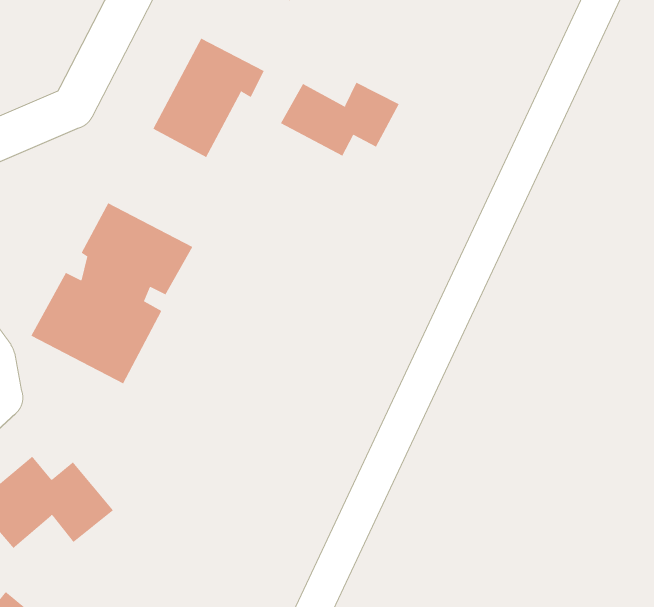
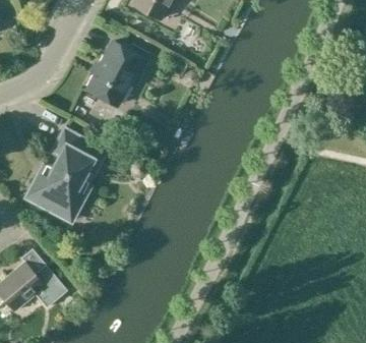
building: [280,82,400,156] -> none

